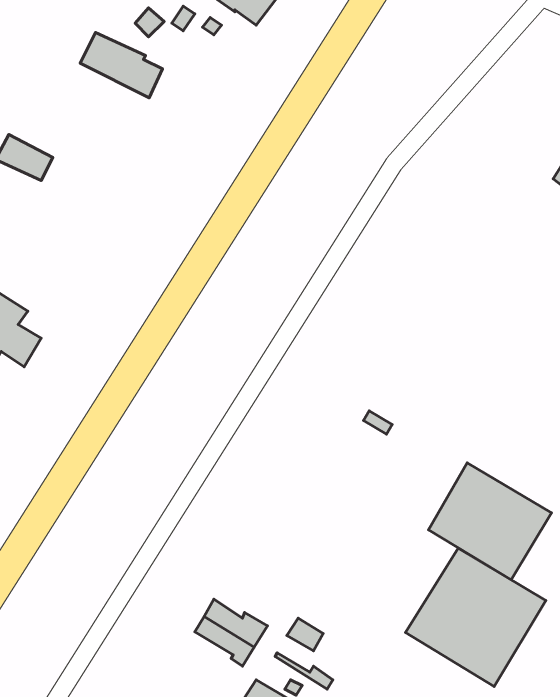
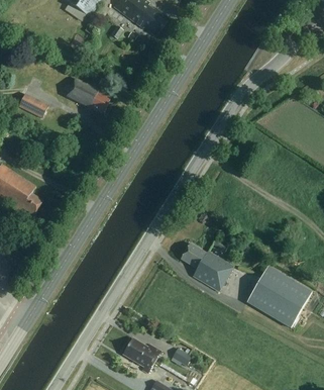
building: [80,32,163,98] -> [66,79,109,113]
building: none -> [180,242,233,291]
building: [406,548,546,687] -> none

